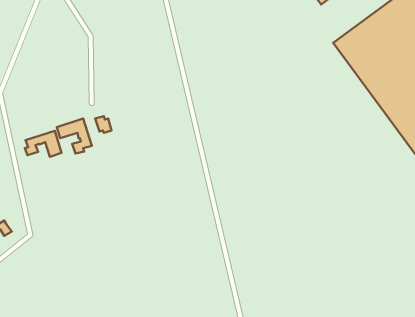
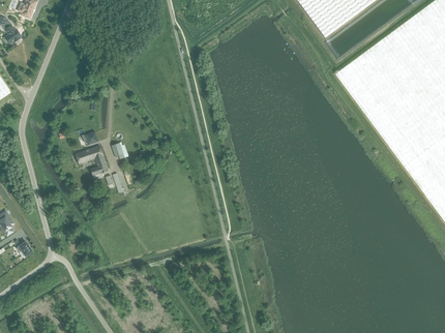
building: [25,131,62,157] -> none

